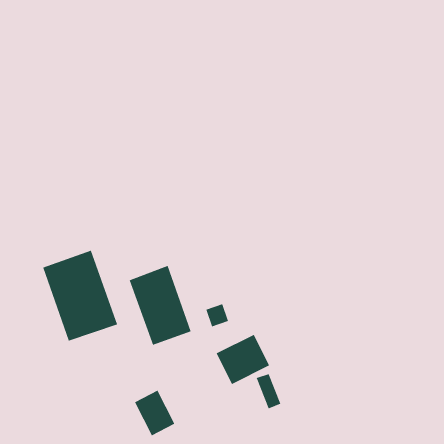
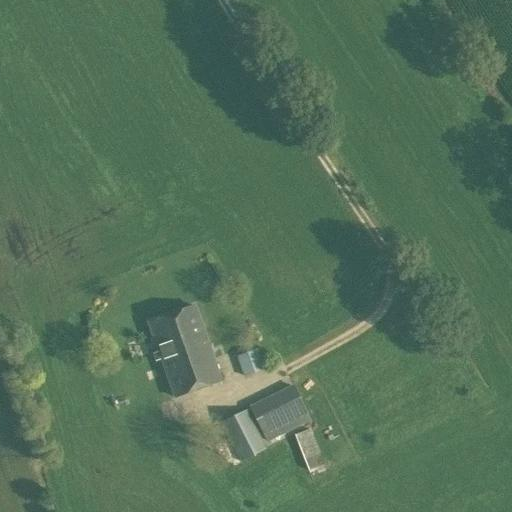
building: [43,250,118,341] -> none
building: [134,390,175,436] -> [220,408,267,461]

